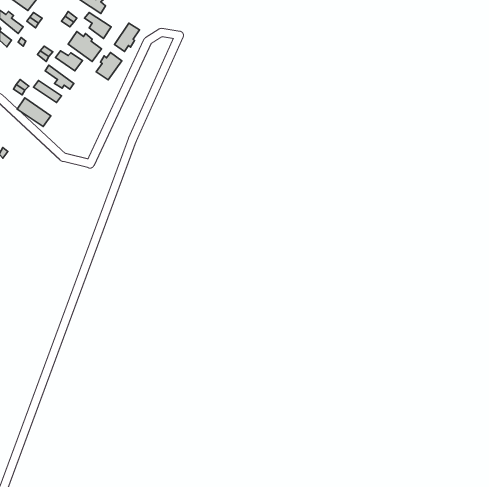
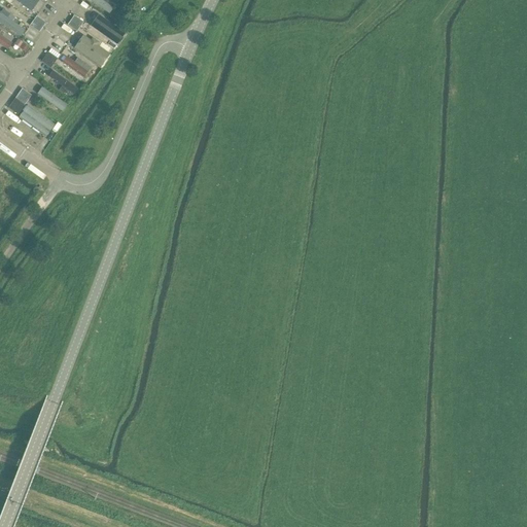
building: [114,23,139,52] -> none
building: [96,53,122,80] -> none

